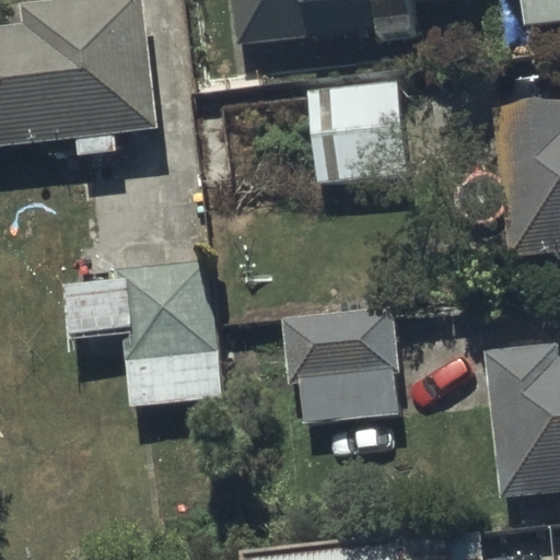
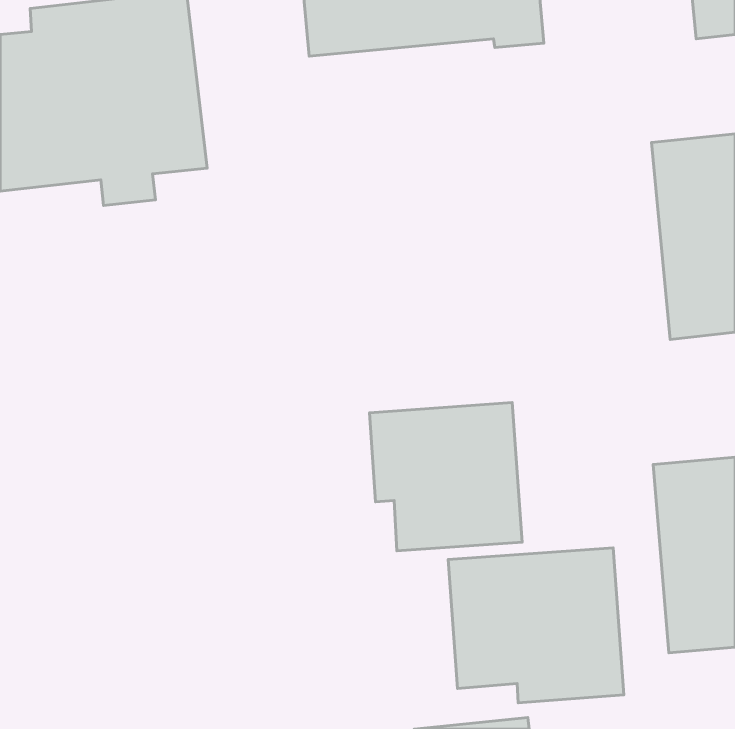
building: [307,80,419,179] -> none
building: [63,258,221,408] -> none
building: none -> [448,548,624,703]

